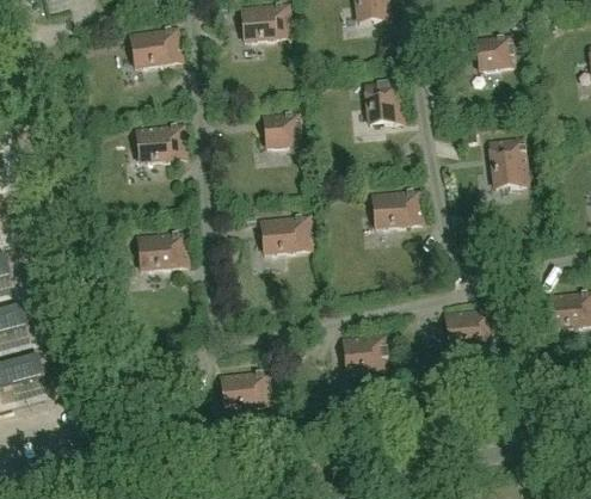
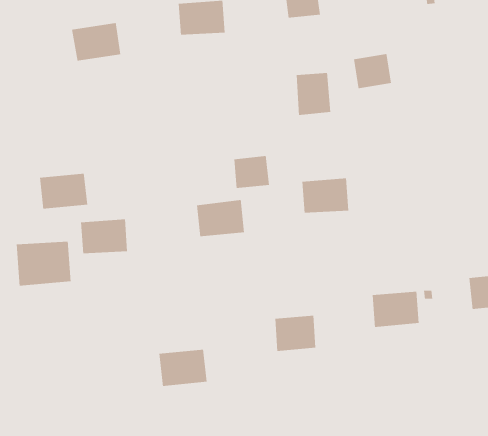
building: [474,35,515,72] -> [353,54,392,89]
building: [264,112,302,147] -> [234,156,270,188]
building: [135,125,186,164] -> [39,173,88,209]
building: [488,138,528,190] -> none
building: none -> [16,241,71,287]

